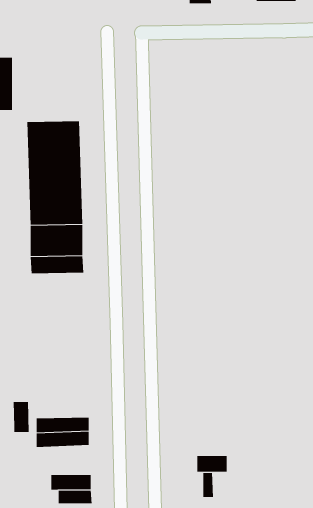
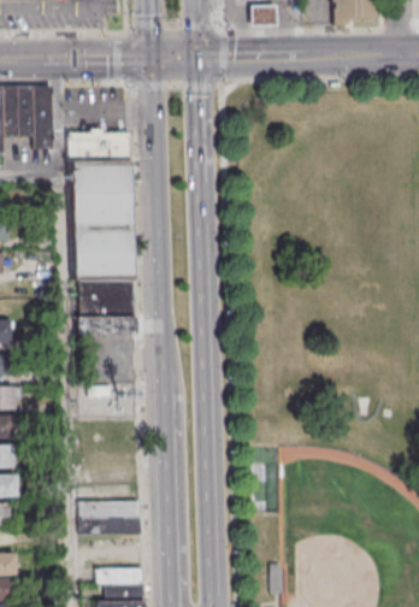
building: none -> [69,132,130,161]
building: [13,401,29,433] -> none
building: [197,455,227,473] -> none

